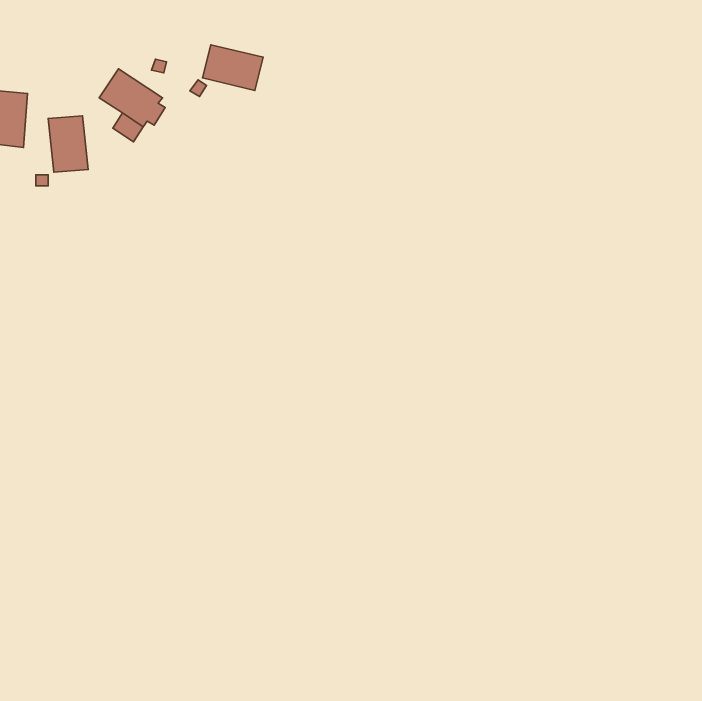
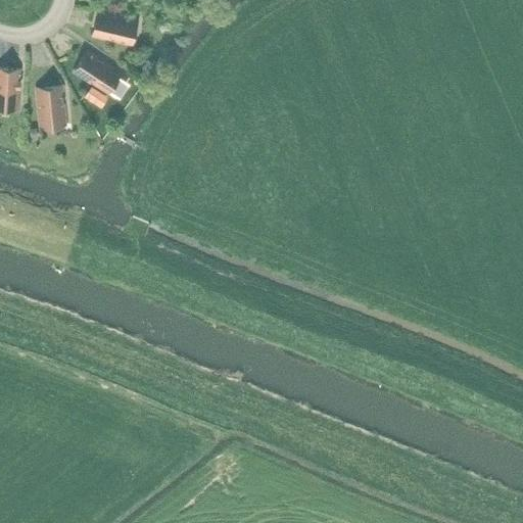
building: [203,45,263,90] -> [92,13,137,47]

